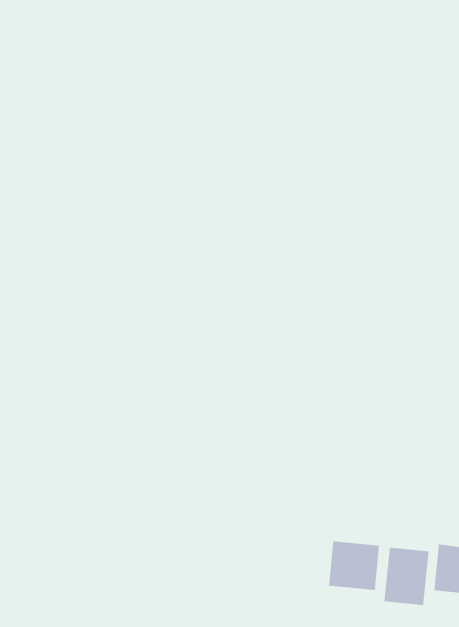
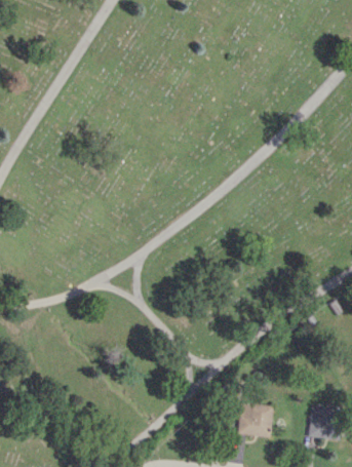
building: [384,547,429,606] -> none

